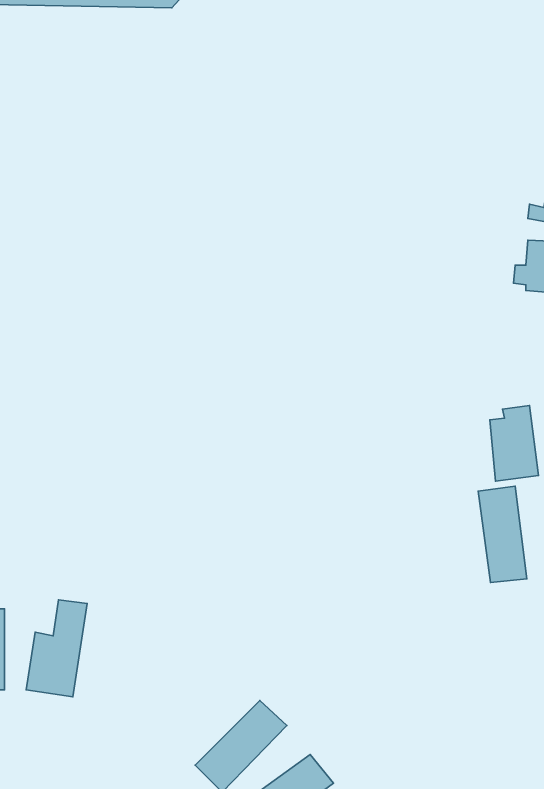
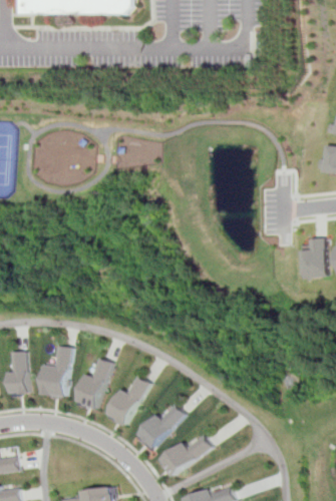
building: [478,486,527,582] -> none
building: none -> [76,355,114,411]
building: none -> [107,372,150,427]

